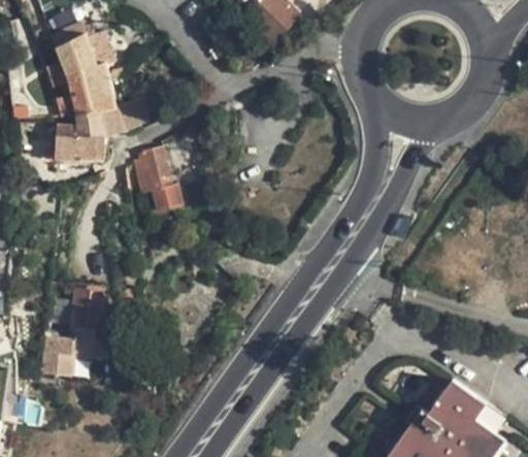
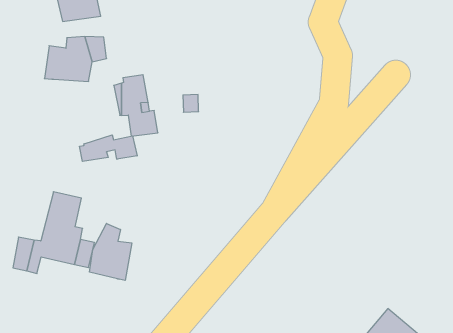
building: [70,87,117,113] -> none
building: none -> [80,135,137,161]
building: none -> [90,223,132,280]

